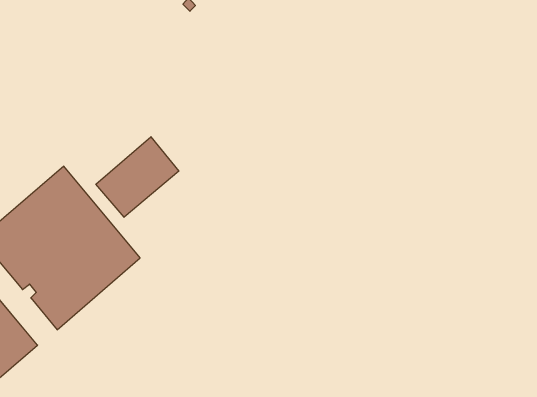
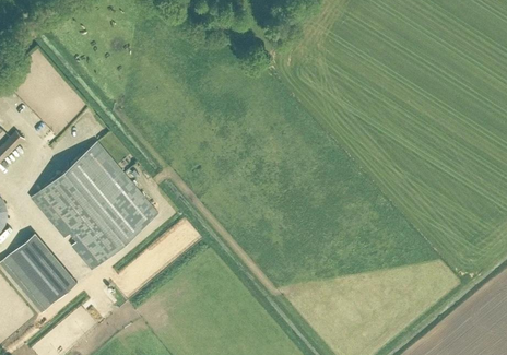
building: [96,137,179,217] -> none

